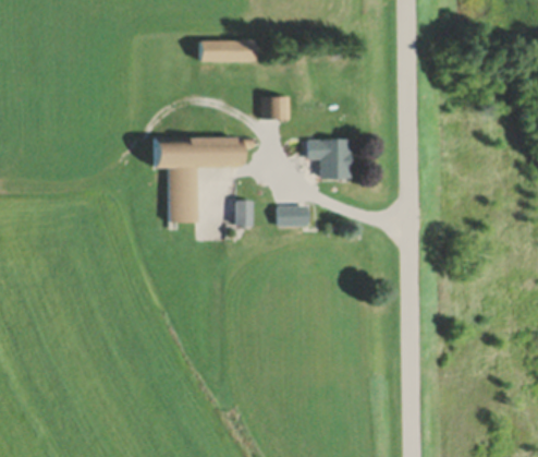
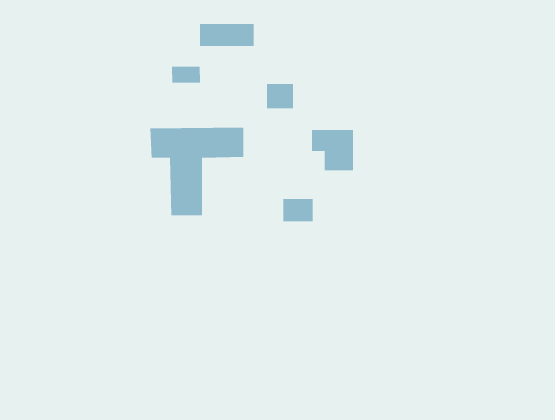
building: none -> [171,66,200,84]
building: [237,201,254,227] -> none

